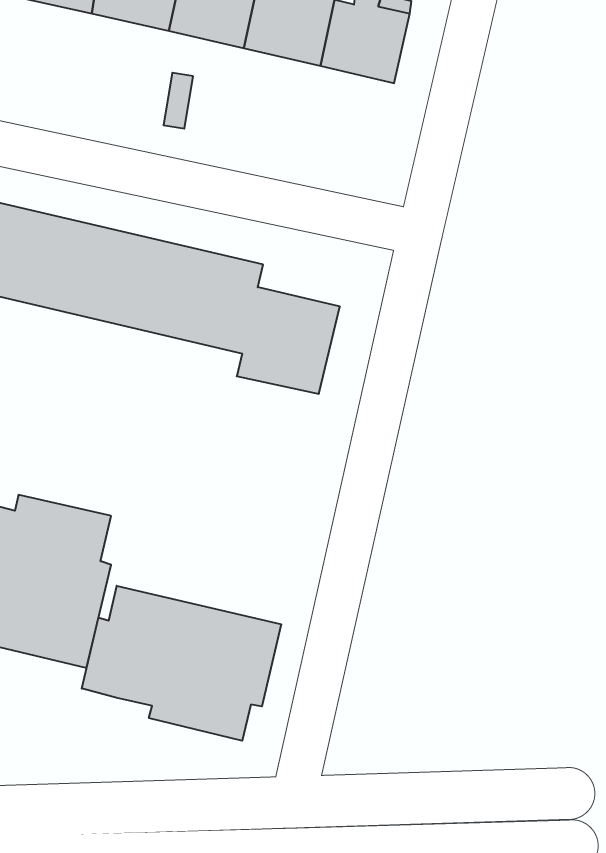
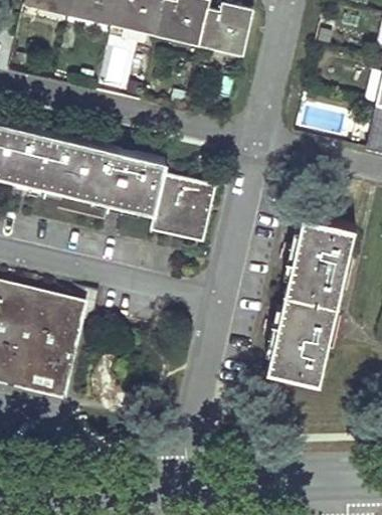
building: none -> [268,217,353,384]
building: [82,586,281,741] -> none

